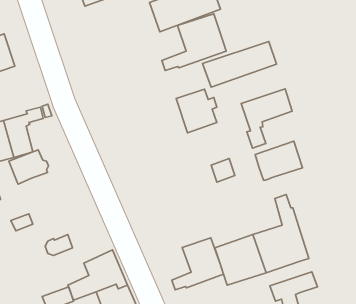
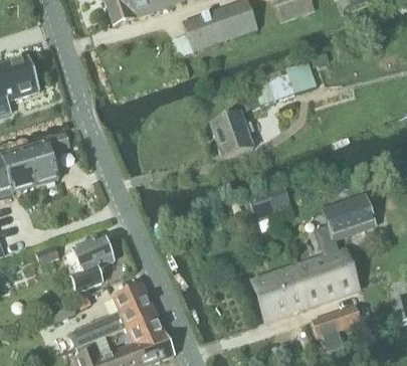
building: [162,14,226,70] -> none
building: [241,89,292,148] -> none
building: [255,141,303,180] -> [323,197,373,238]
building: [9,150,49,184] -> [71,236,114,272]
building: [172,238,224,290] -> none

